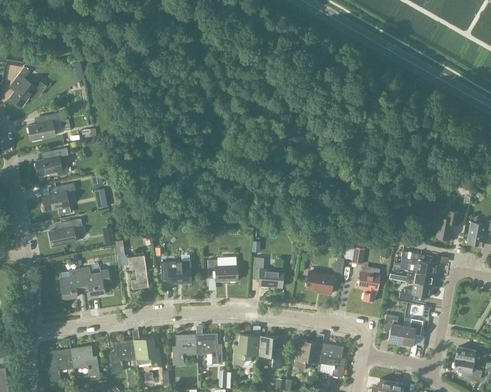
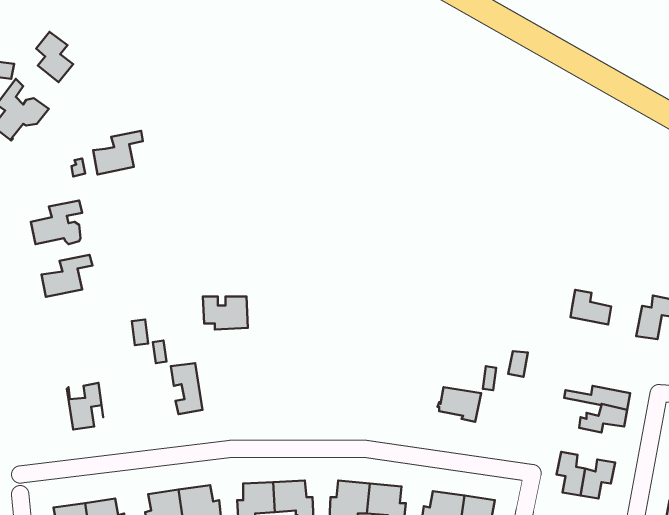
building: none -> [36,32,73,82]
building: [28,112,61,141] -> [93,131,143,174]
building: [49,218,83,247] -> none
building: [408,252,435,275] -> [571,290,611,325]
building: [254,257,283,287] -> none
building: [208,258,238,281] -> none
building: [161,261,191,283] -> [203,296,248,329]
building: [80,266,110,295] -> none
building: [358,272,380,301] -> none

